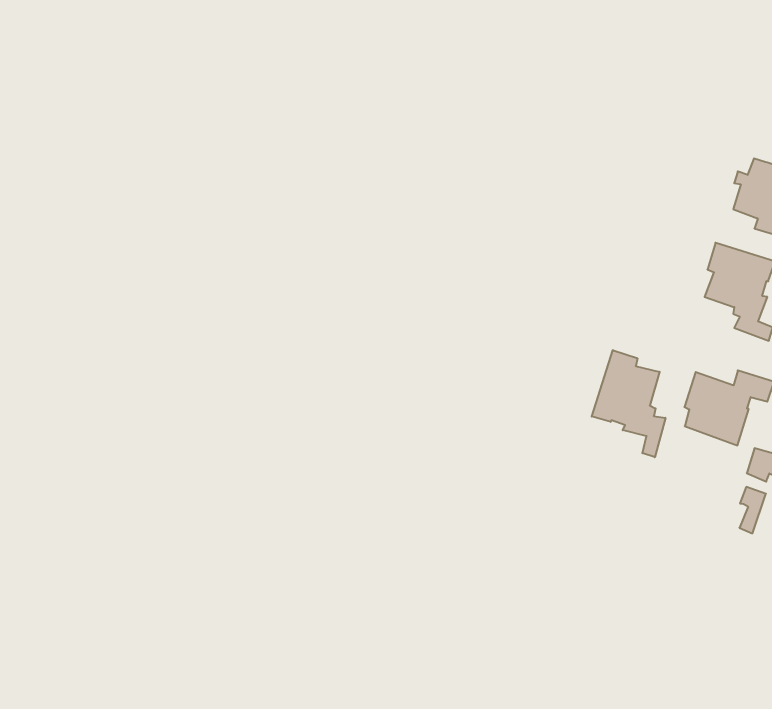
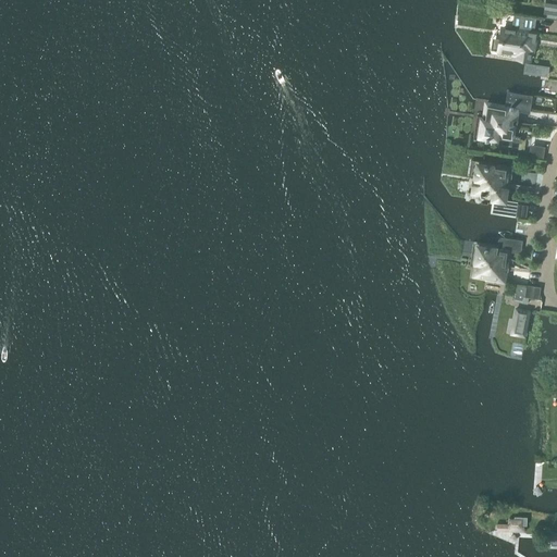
building: [592,350,665,457] -> none

